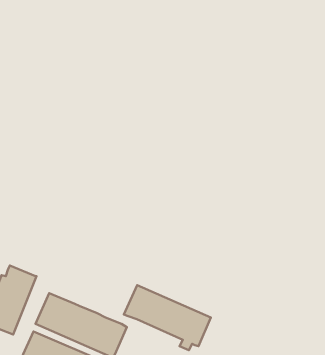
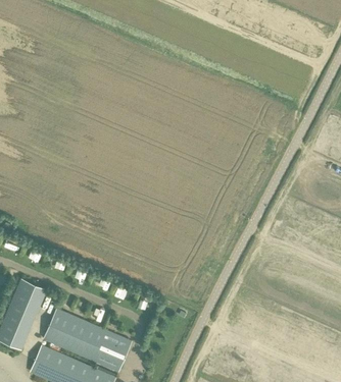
building: [124,285,211,350] -> none

